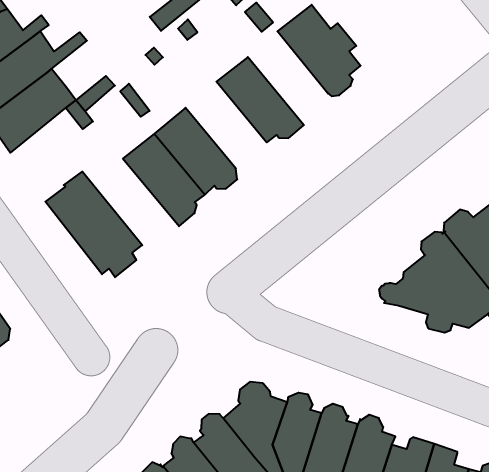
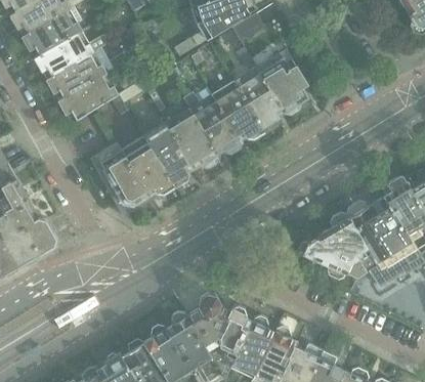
building: none -> [235,68,284,131]
building: none -> [182,87,242,154]
building: none -> [117,137,175,196]

